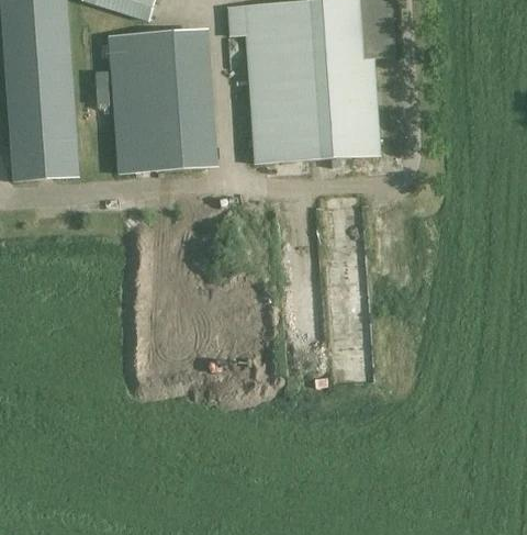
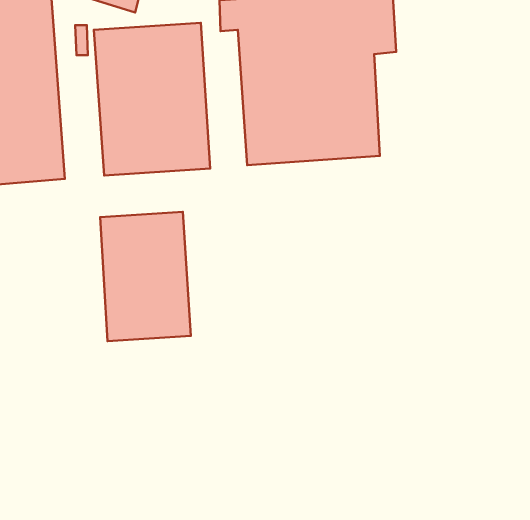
building: none -> [100,212,191,341]

